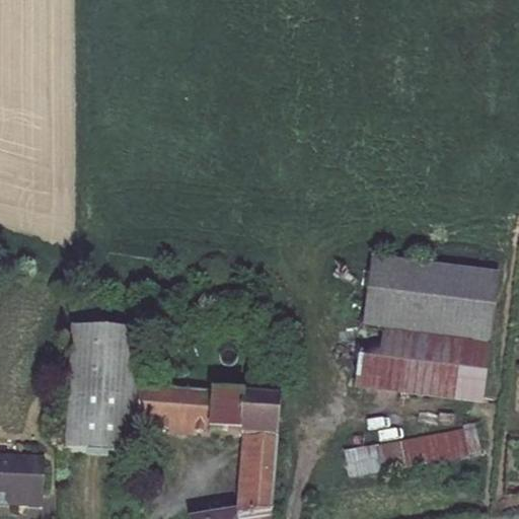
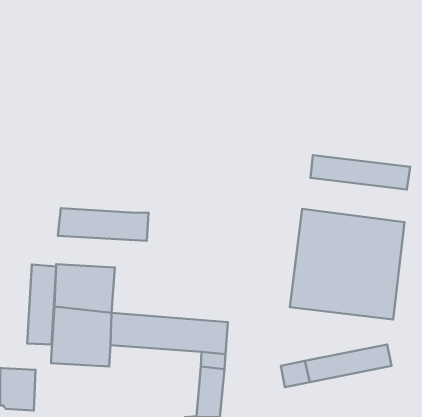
building: none -> [310,155,410,189]
building: none -> [58,208,148,241]
building: none -> [27,265,56,345]

